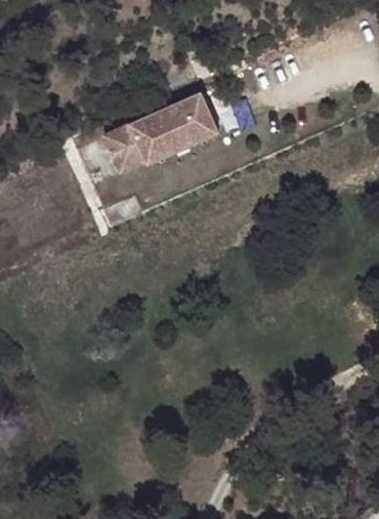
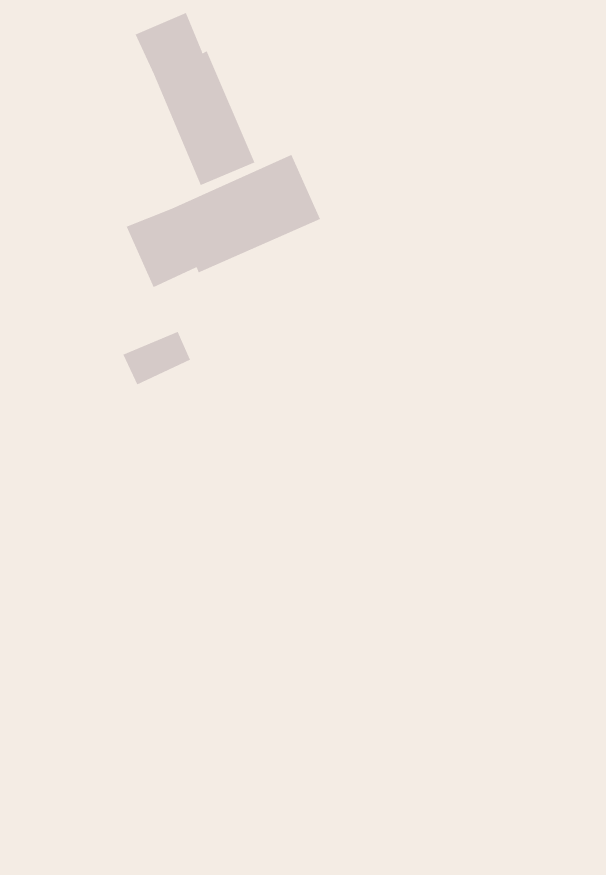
building: none -> [135,12,255,186]

